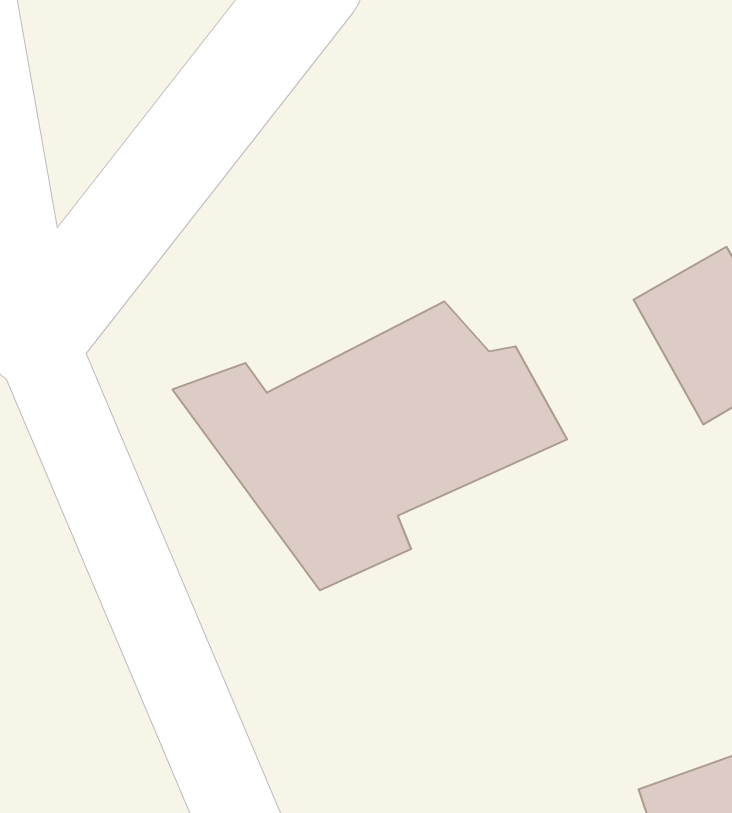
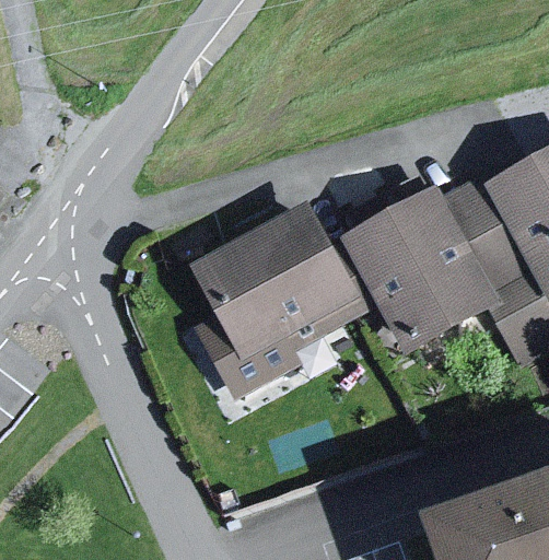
building: none -> [369,192,501,339]

